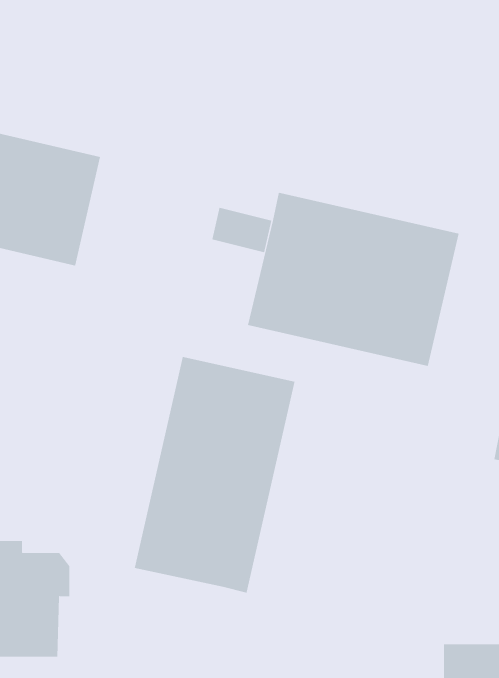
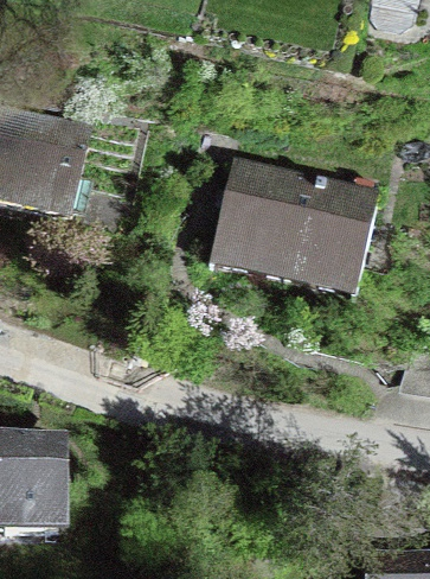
building: [134,356,295,593] -> none

